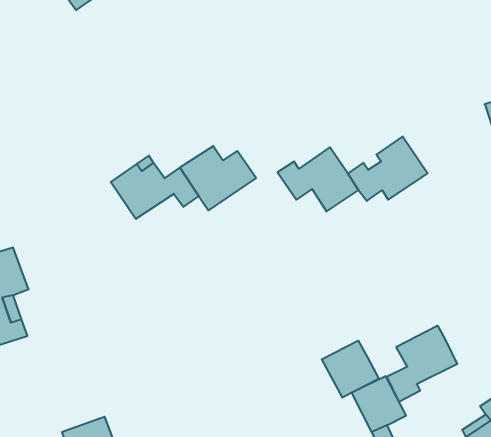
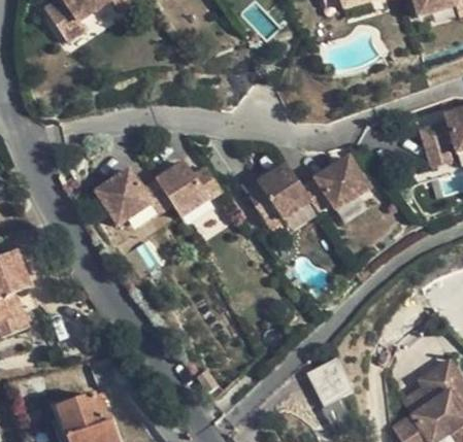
building: [387,326,457,402] -> none
building: [322,341,379,398] -> none

